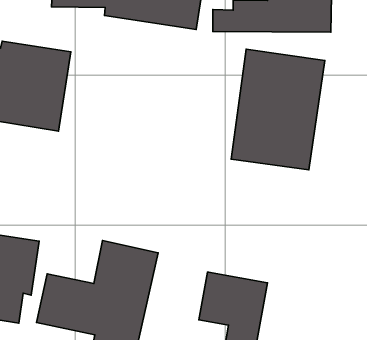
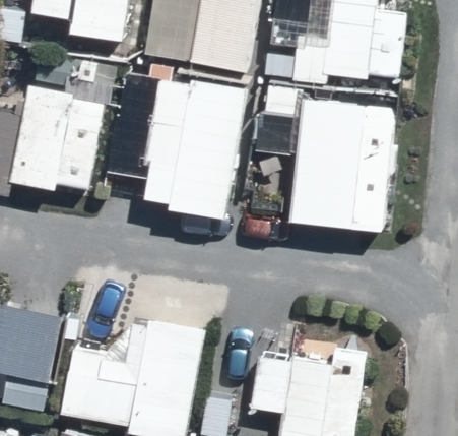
building: none -> [115,72,242,219]

